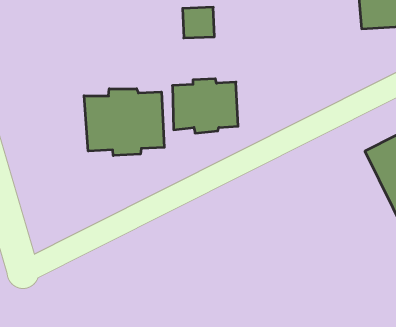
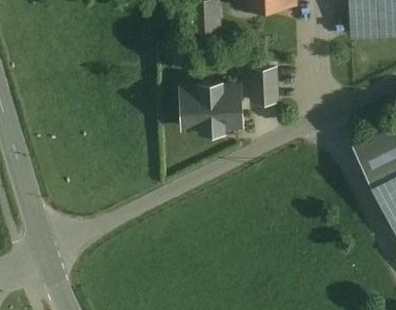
building: none -> [251,71,278,105]
building: [84,89,164,156] -> none

